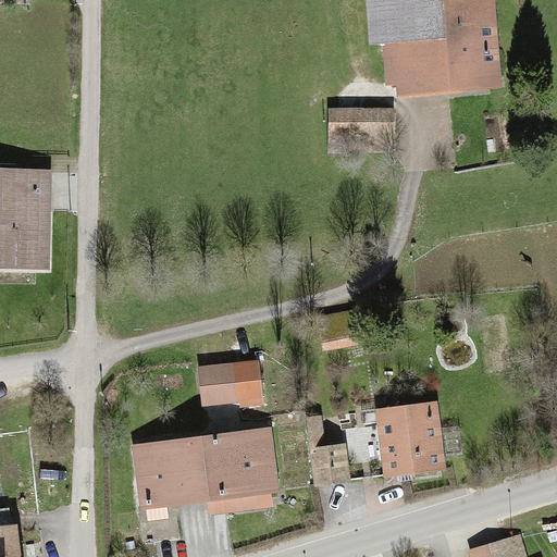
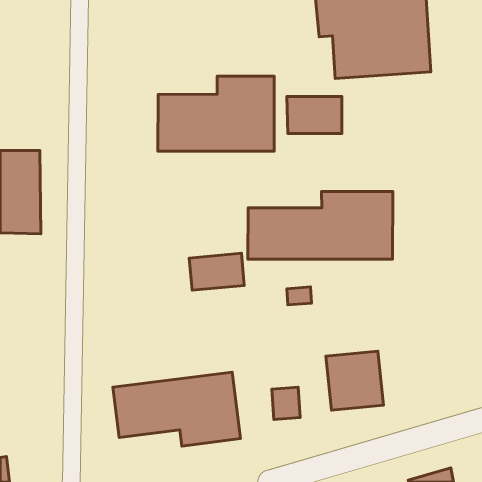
building: none -> [158,76,274,151]
building: none -> [248,192,393,259]
building: [197,363,260,406] -> [189,253,244,290]

